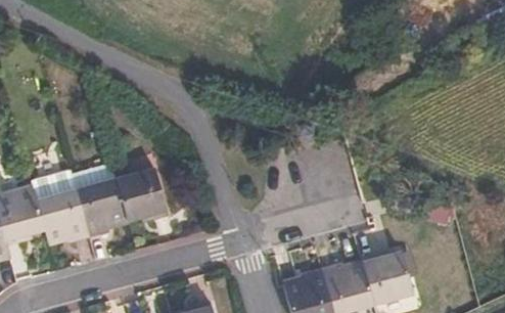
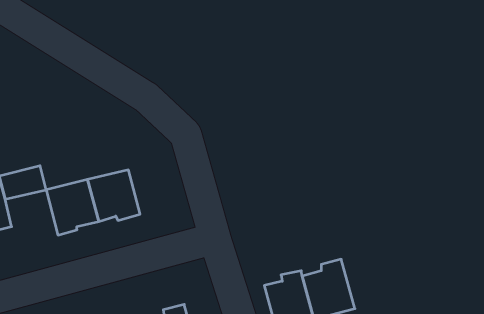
building: [37,190,88,240] -> none
building: [363,252,415,306] -> none

